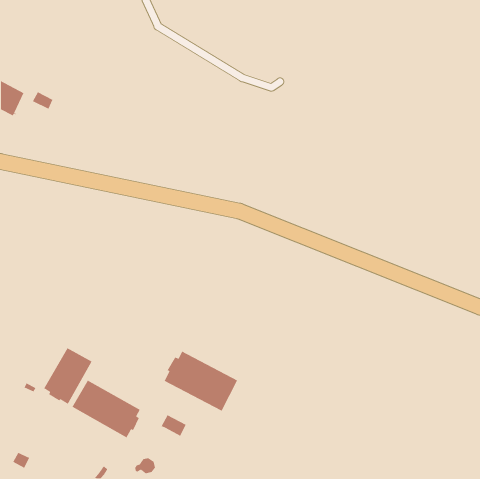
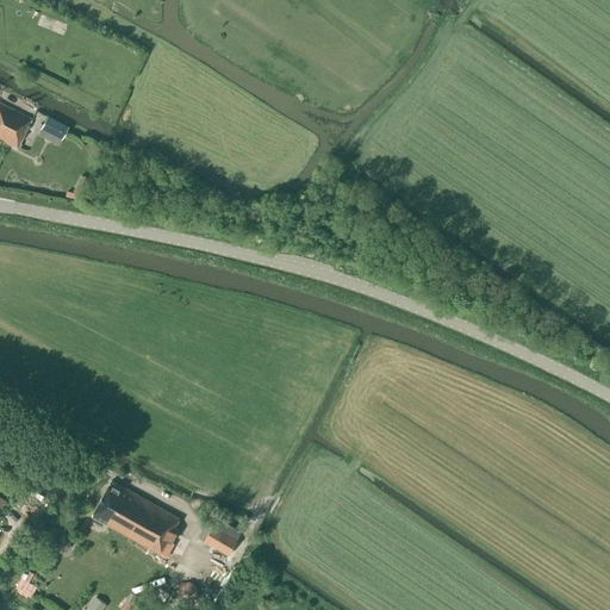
building: [43,347,92,405] -> none
building: [163,350,238,412] -> none

